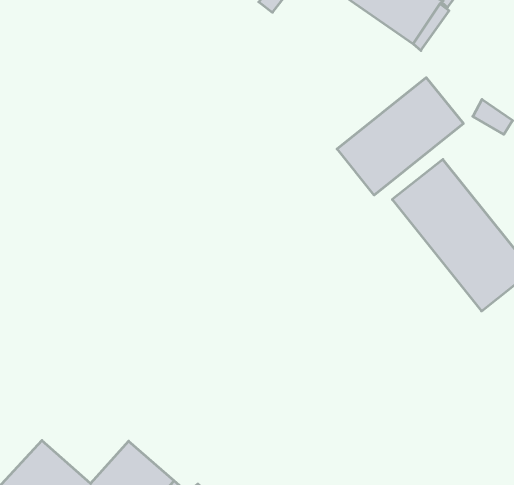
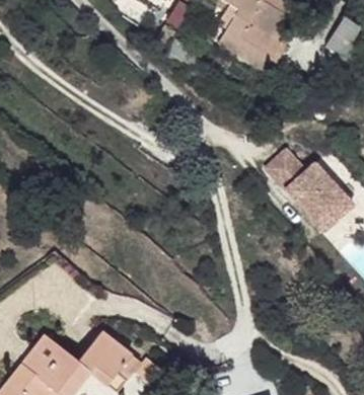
building: [337,78,463,195] -> none

